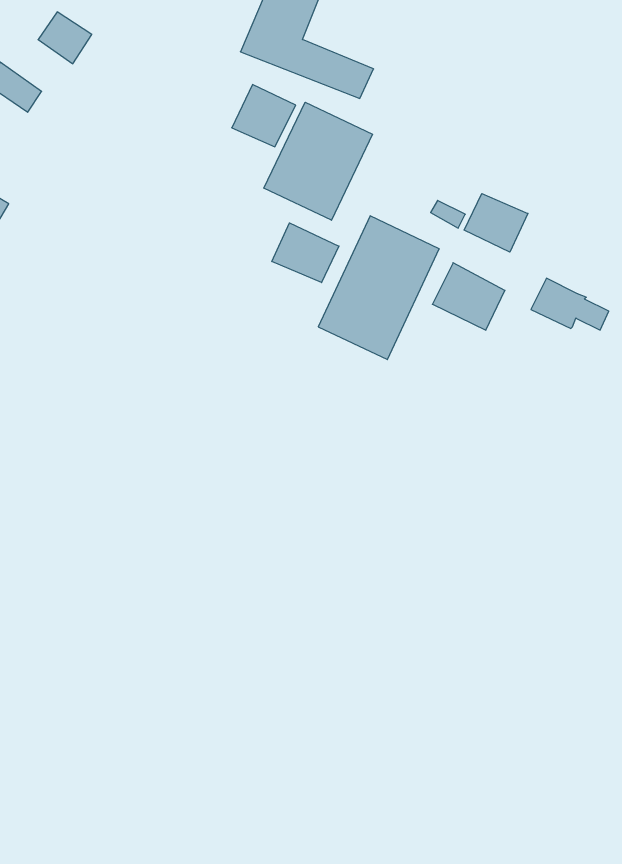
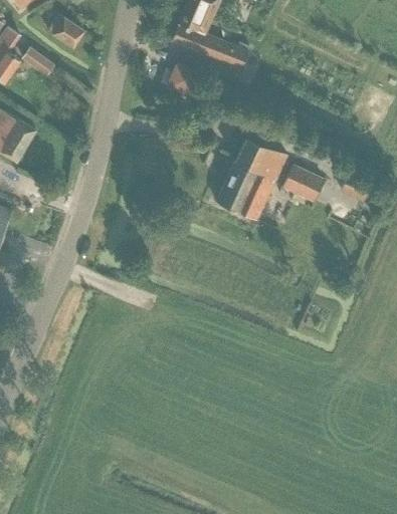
building: [264,102,373,220] -> none
building: [464,194,528,252] -> none
building: [272,223,339,283] -> none

